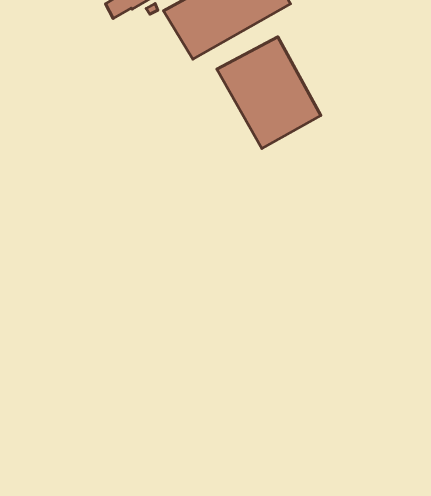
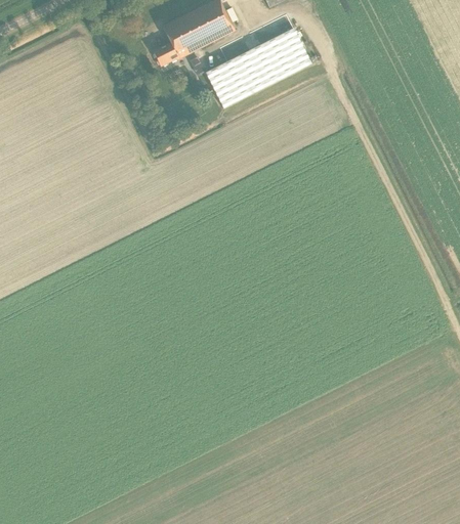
building: [217,37,321,149] -> none

